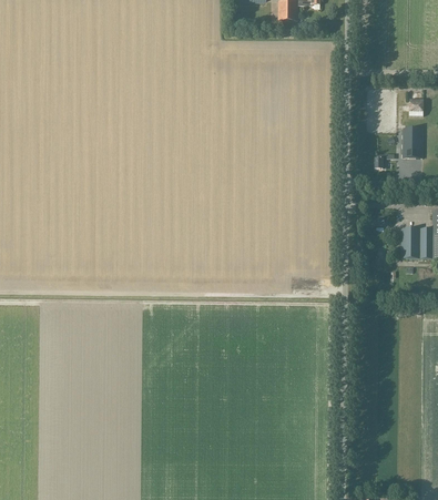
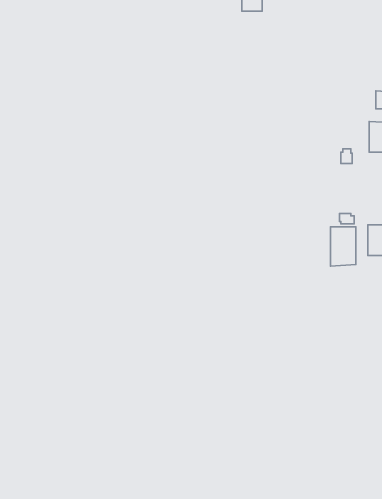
building: none -> [331,227,356,266]

